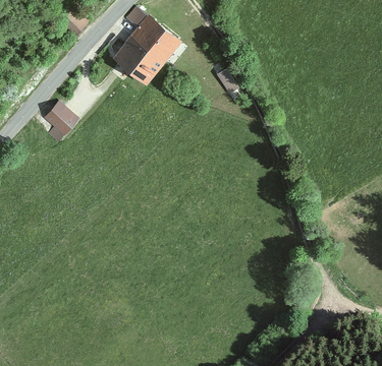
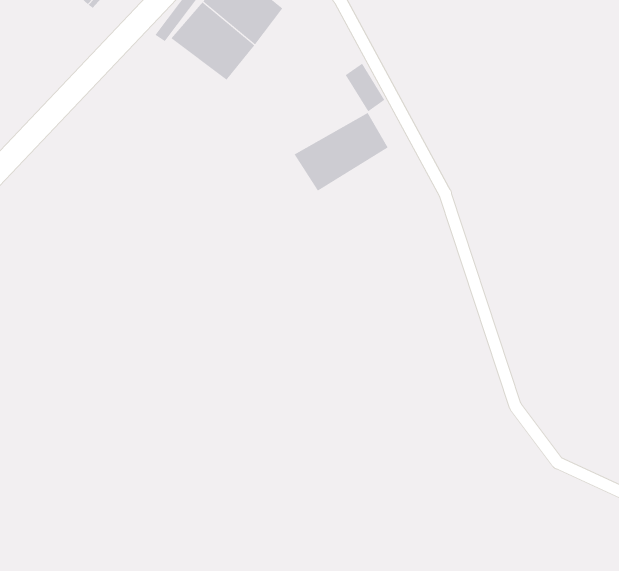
building: none -> [294,112,388,191]
building: [47,105,78,137] -> none

